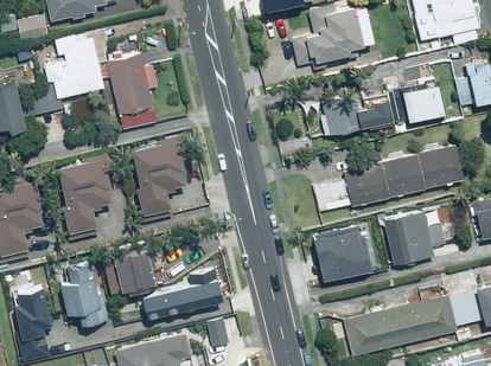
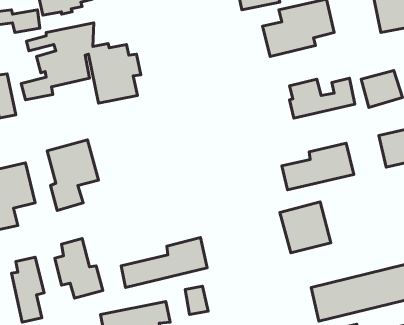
building: [127,142,185,216] -> none
building: [383,153,427,195] -> none
building: [383,208,434,261] -> none
building: [115,255,159,293] -> none

